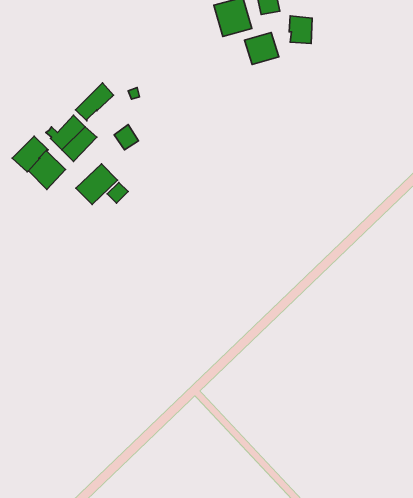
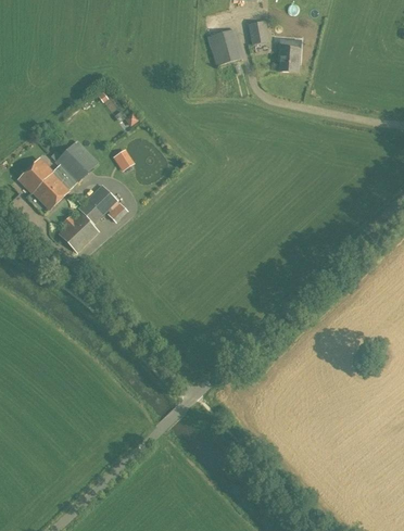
building: [245,32,279,65] -> none
building: [76,83,113,121] -> none
building: none -> [60,214,99,251]

